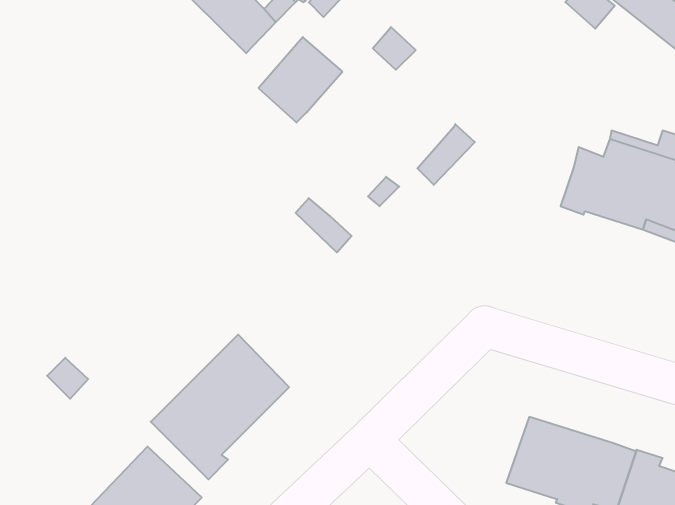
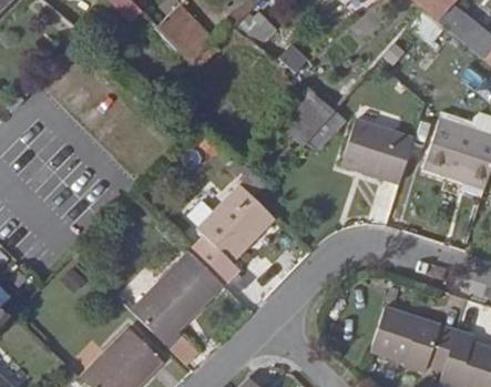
building: [259,37,342,123] -> [277,88,334,145]
building: none -> [339,118,415,184]
building: none -> [188,184,275,286]

